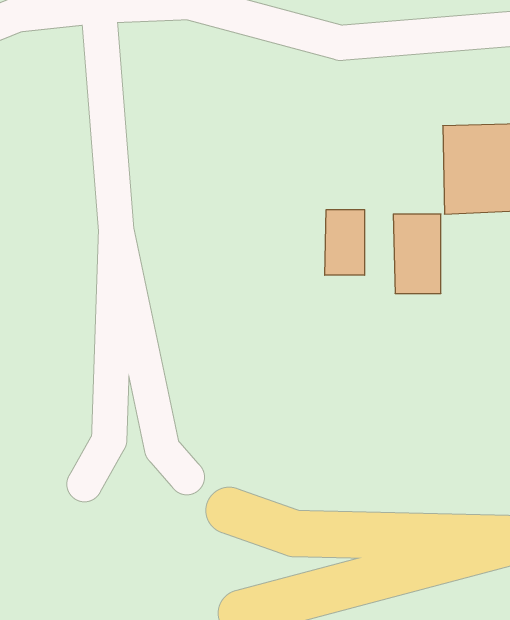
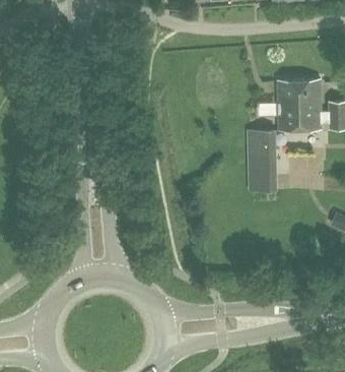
building: [325,210,365,275] -> none

